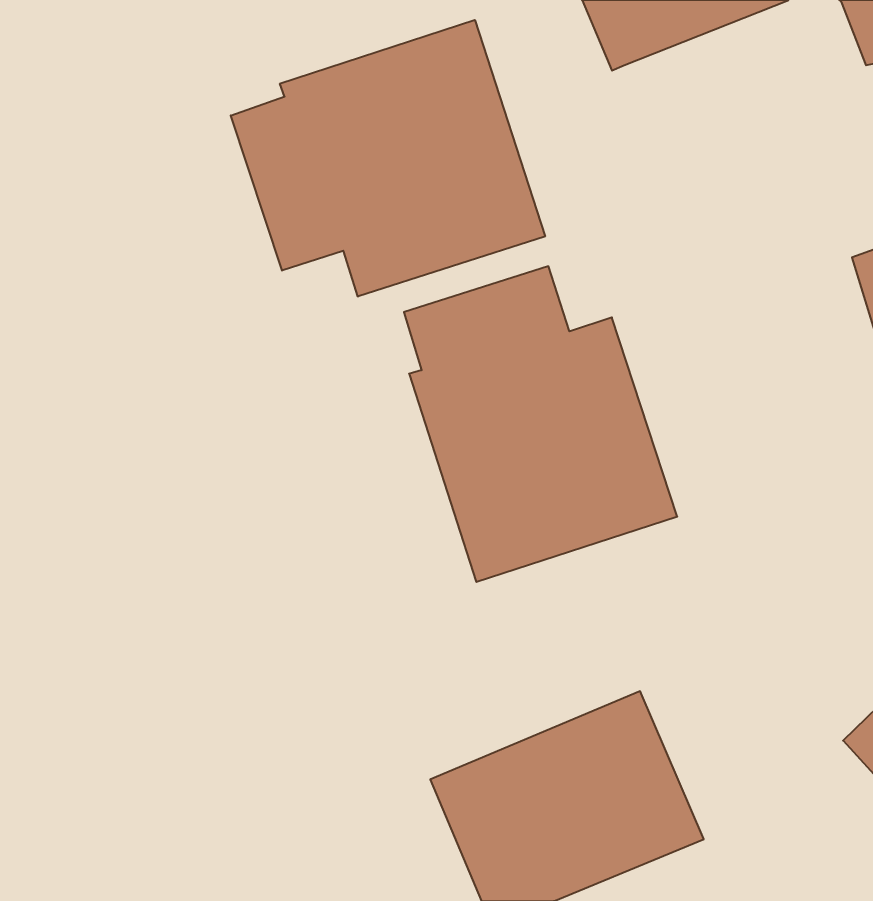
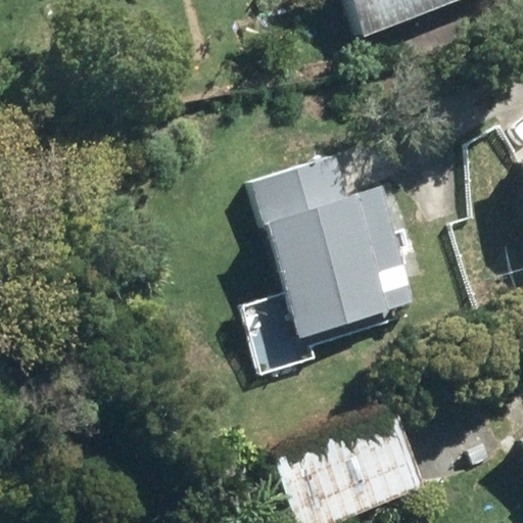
building: [231,20,545,297] -> none

